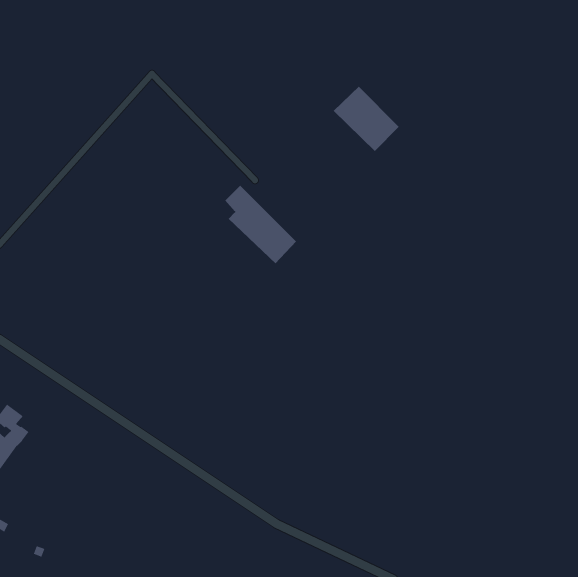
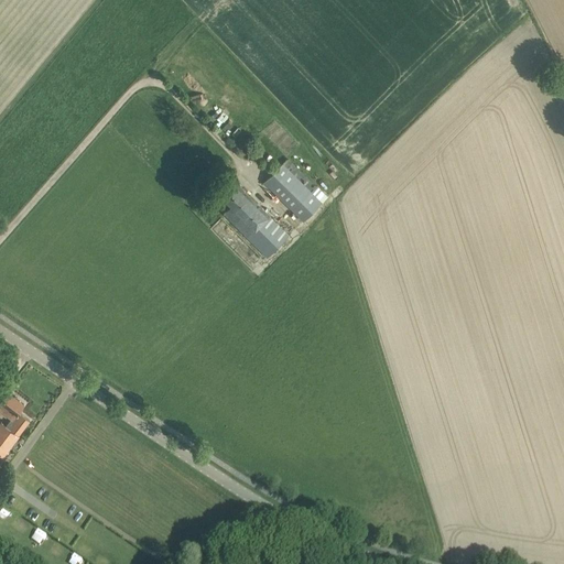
building: [333,86,400,152] -> [261,160,326,224]

